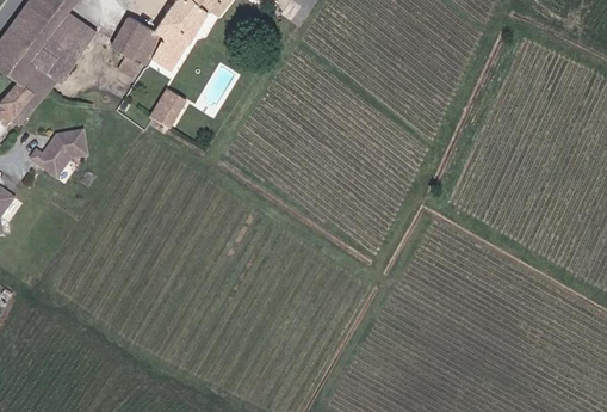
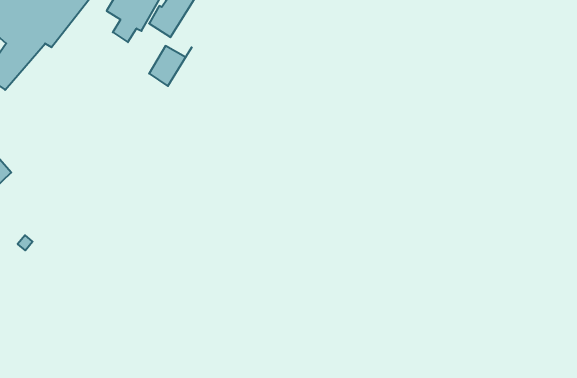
building: [26,137,81,184] -> none

